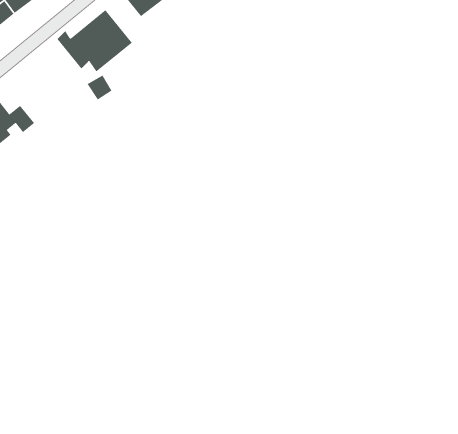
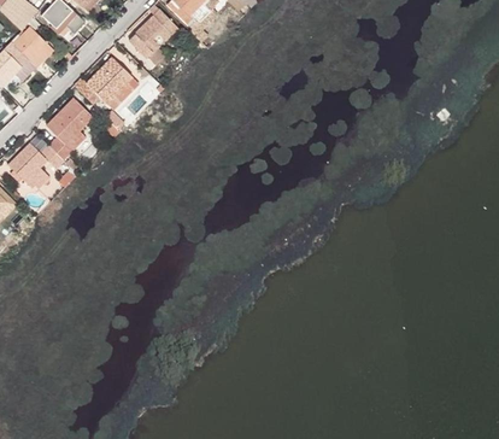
building: none -> [47,98,93,159]

